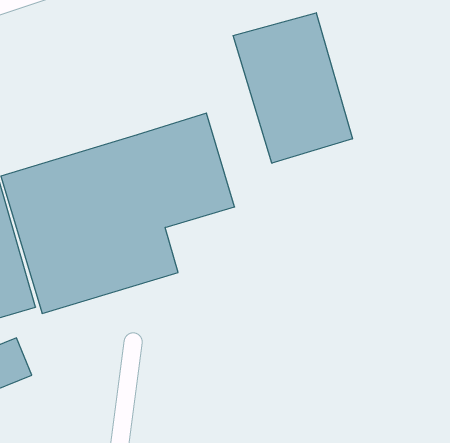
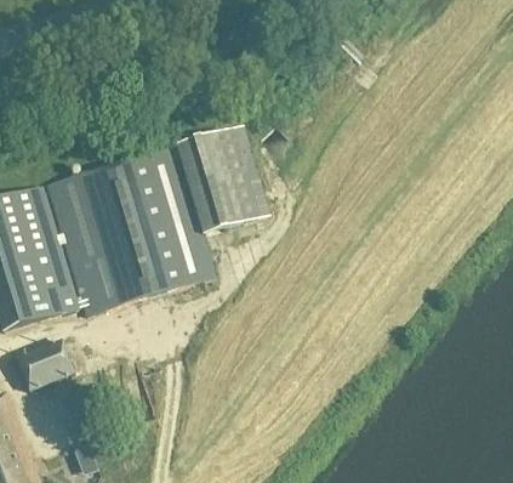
building: [233,13,352,163] -> none

